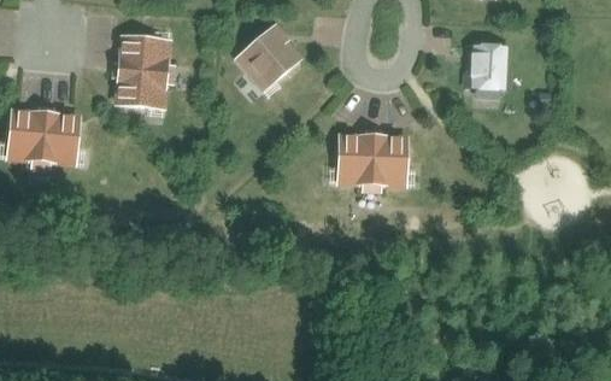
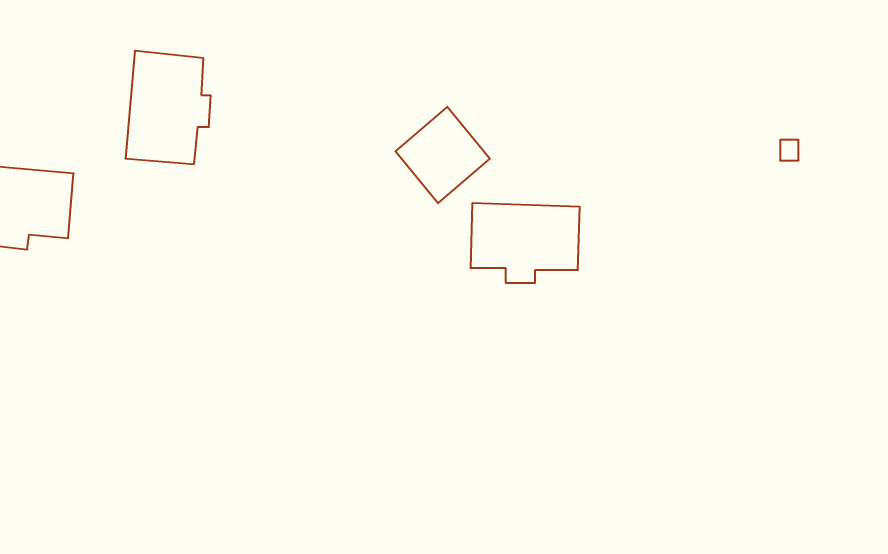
building: [241,27,302,89] -> [395,107,490,203]
building: [466,46,509,93] -> none

